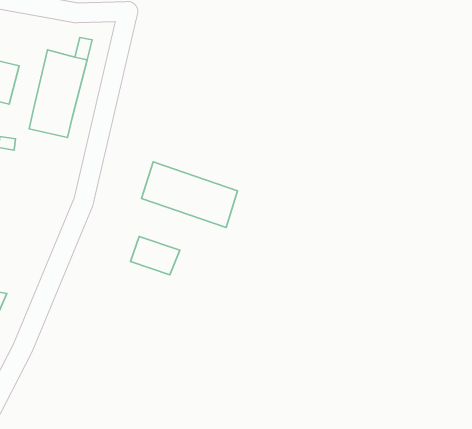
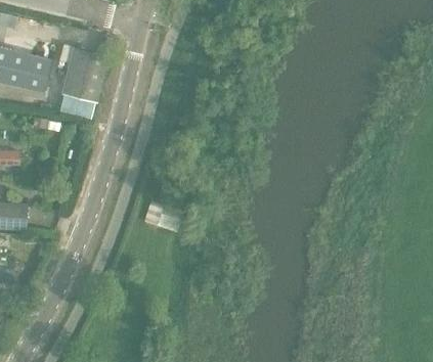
building: [142,162,238,227] -> none

